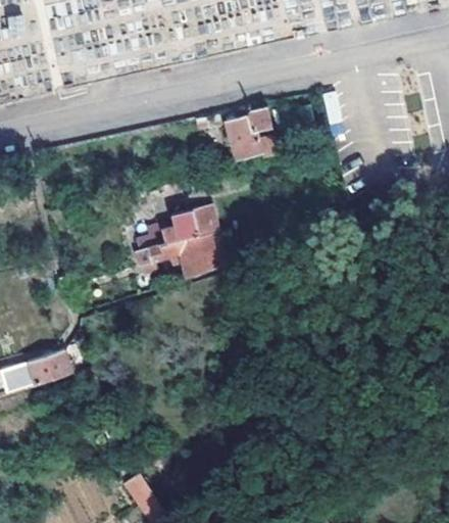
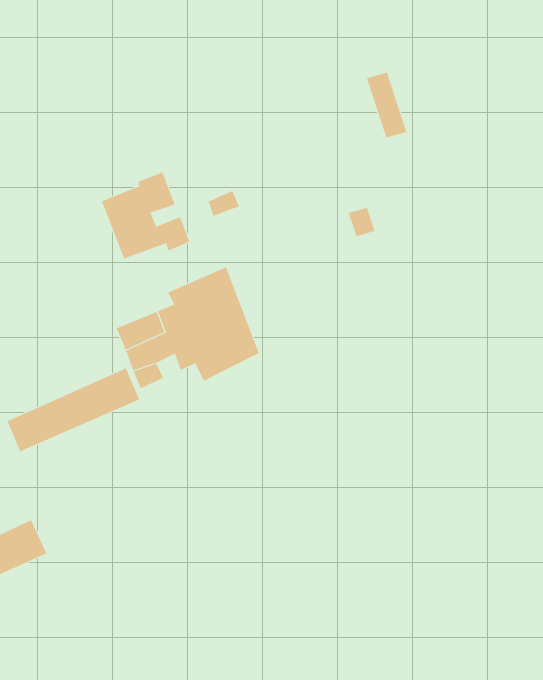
building: [223,106,278,159] -> [101,172,190,259]
building: none -> [7,367,140,452]

